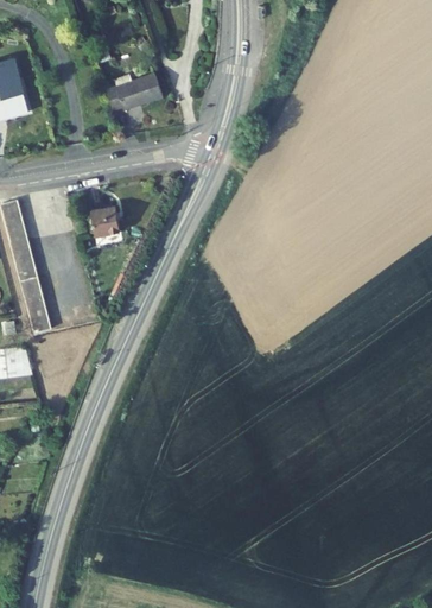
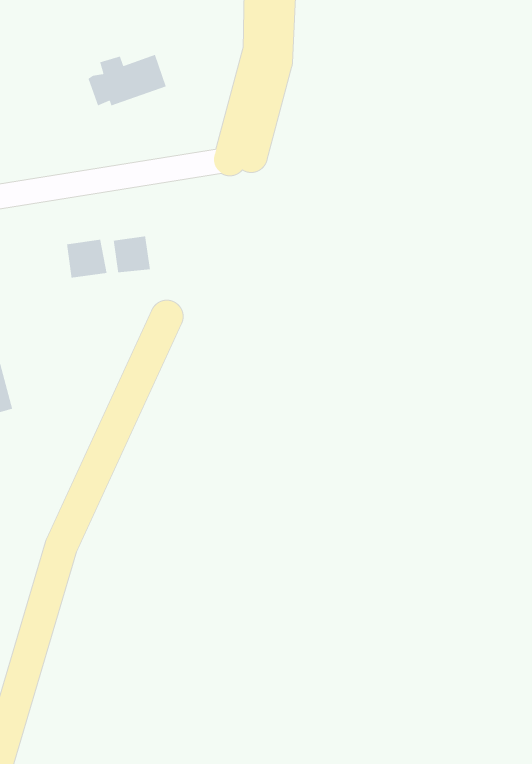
building: none -> [113,235,151,273]

